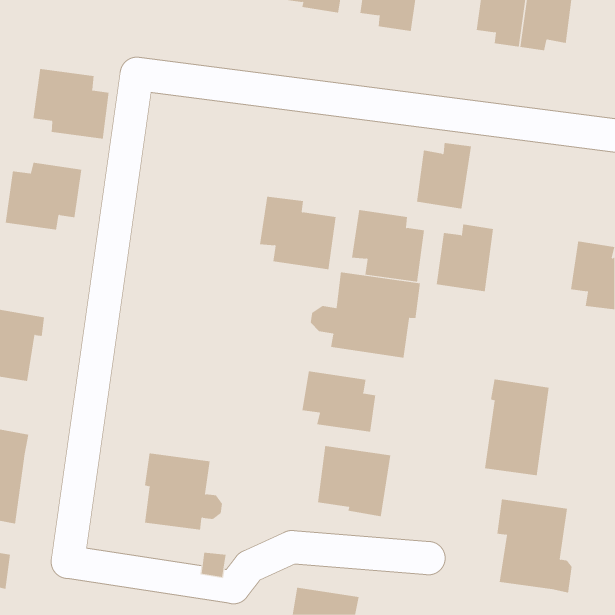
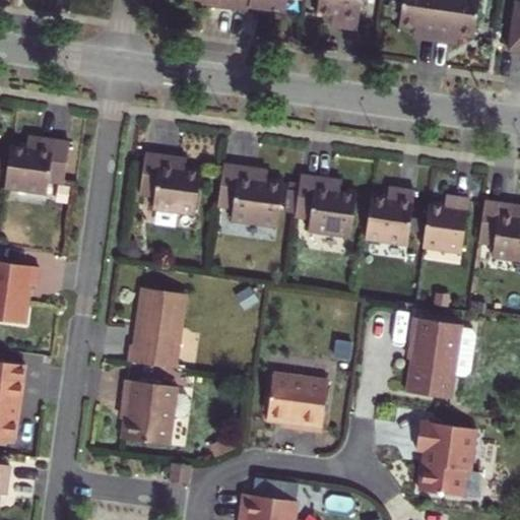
building: [33,68,109,139] -> none
building: [416,143,472,209] -> [422,197,469,253]
building: none -> [138,153,200,214]
building: [310,271,420,358] -> none
building: none -> [127,287,186,368]
building: [302,371,376,433] -> none

